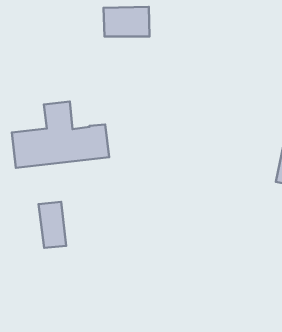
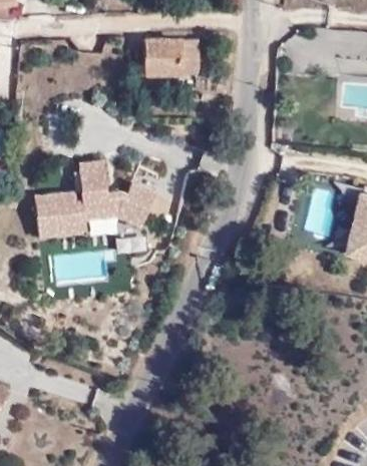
building: [38,202,66,248] -> none

